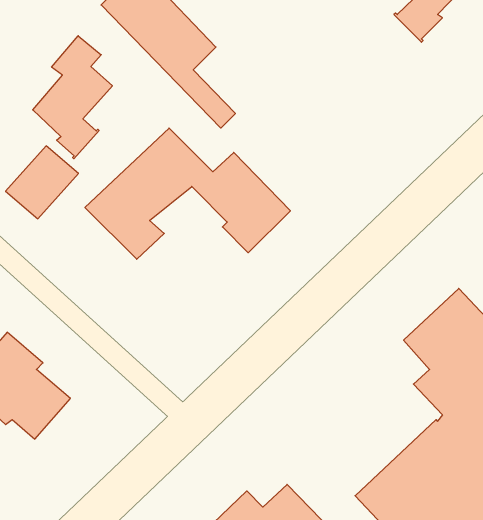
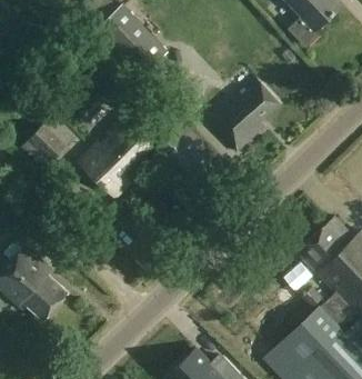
building: [33,36,112,159] -> none
building: none -> [209,76,281,152]

